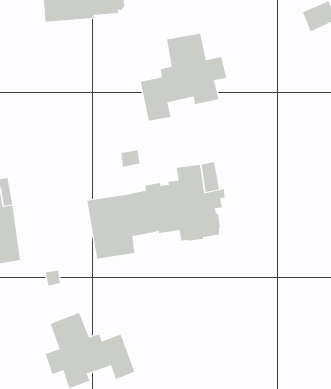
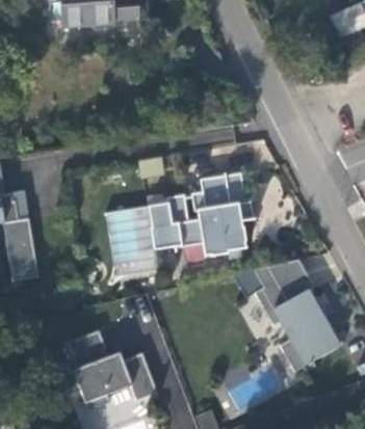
building: [140,33,227,122] -> none
building: none -> [253,260,342,371]

